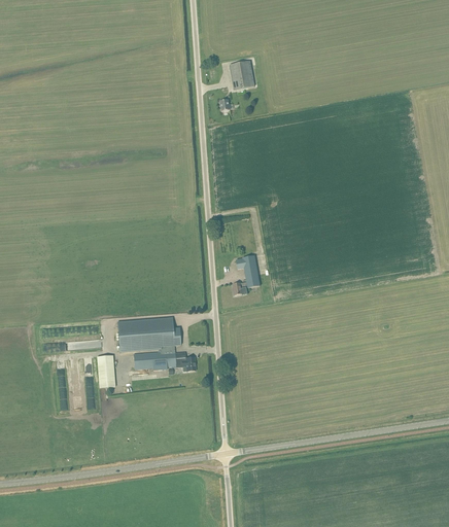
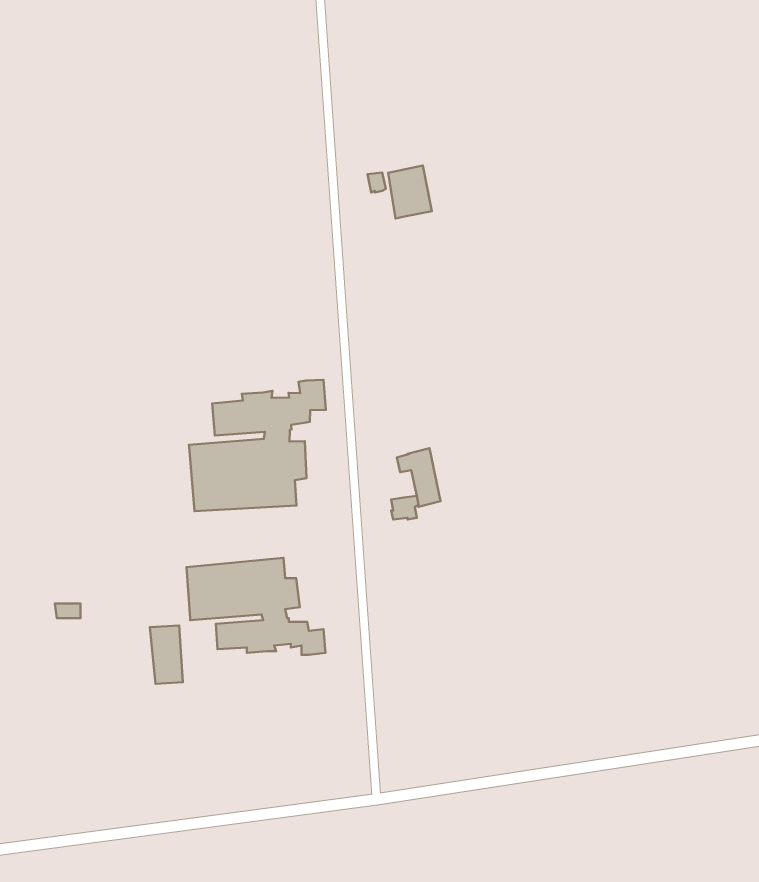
building: [230,61,254,91] -> [388,165,432,218]
building: none -> [189,380,326,511]

